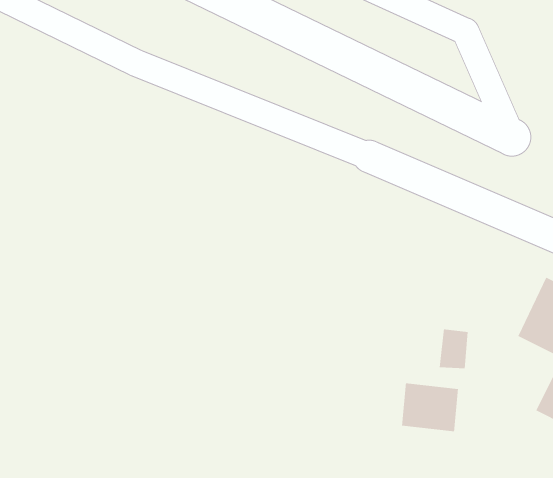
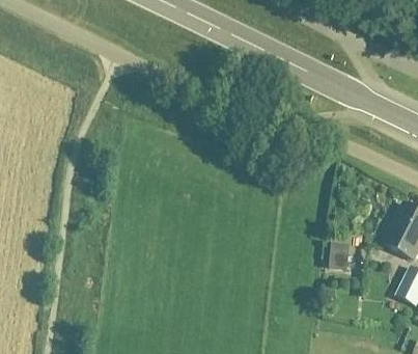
building: [401,382,459,432] -> none

